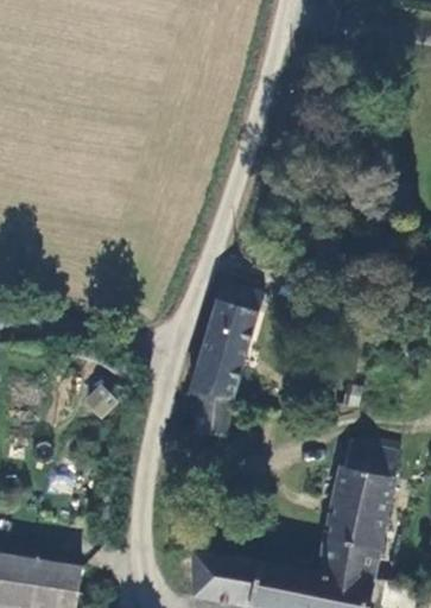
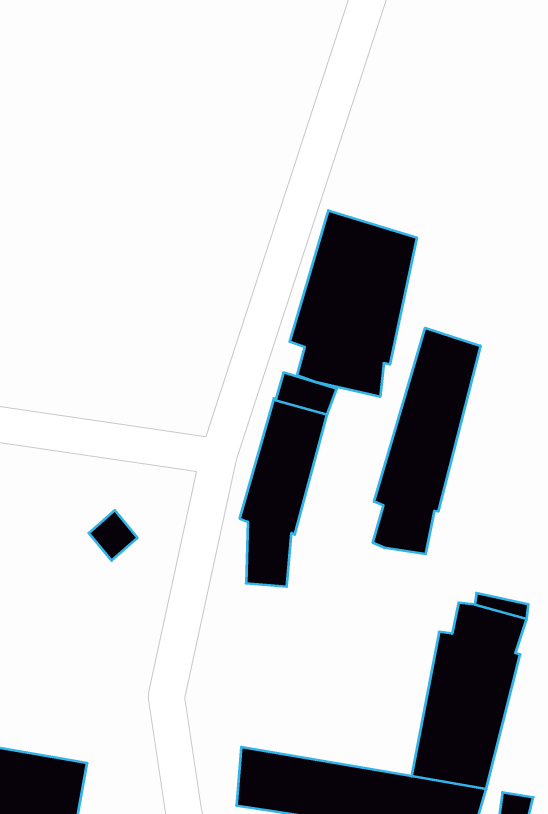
building: none -> [290,210,417,397]
building: none -> [373,328,480,554]

